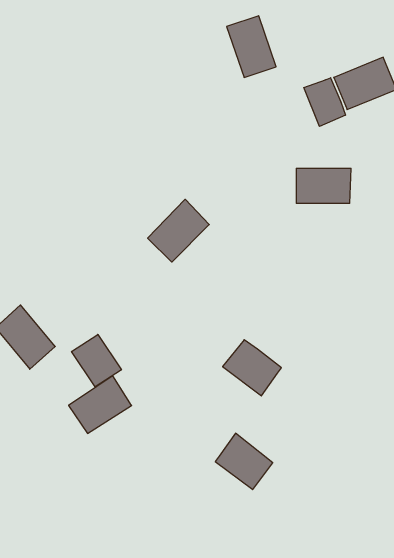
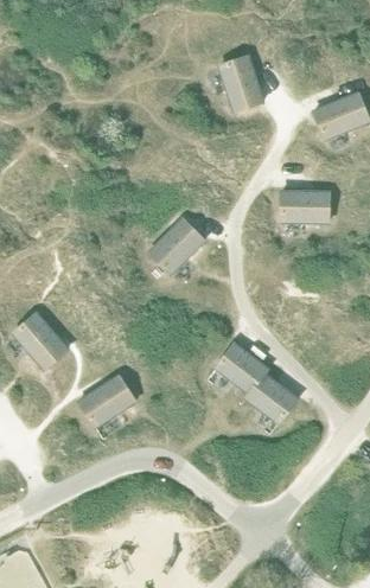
building: [304,78,345,126] -> none
building: [72,334,121,387] -> none
building: [215,433,273,490] -> [247,372,298,422]

